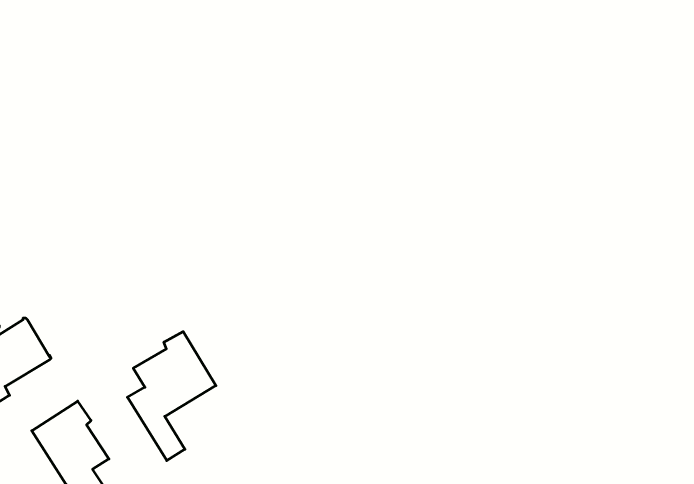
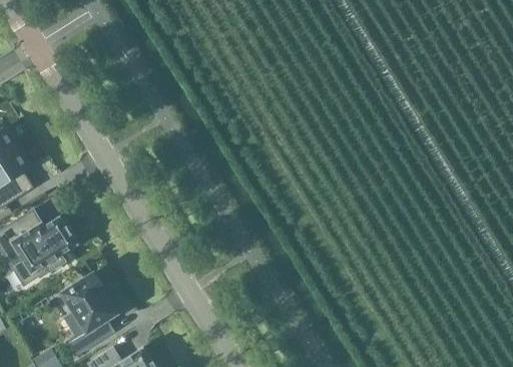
building: [127,332,216,461] -> none

